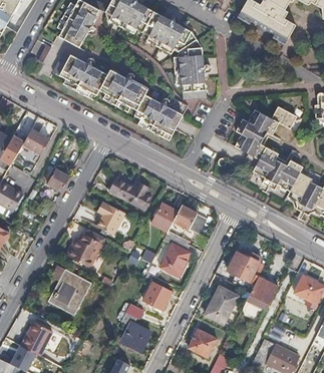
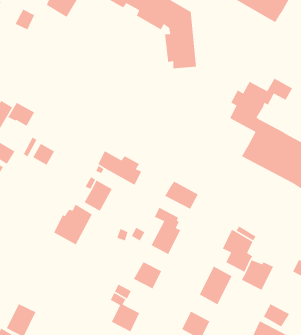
building: [51,50,181,135] -> none
building: [151,202,179,231] -> none
building: [53,267,91,313] -> none

